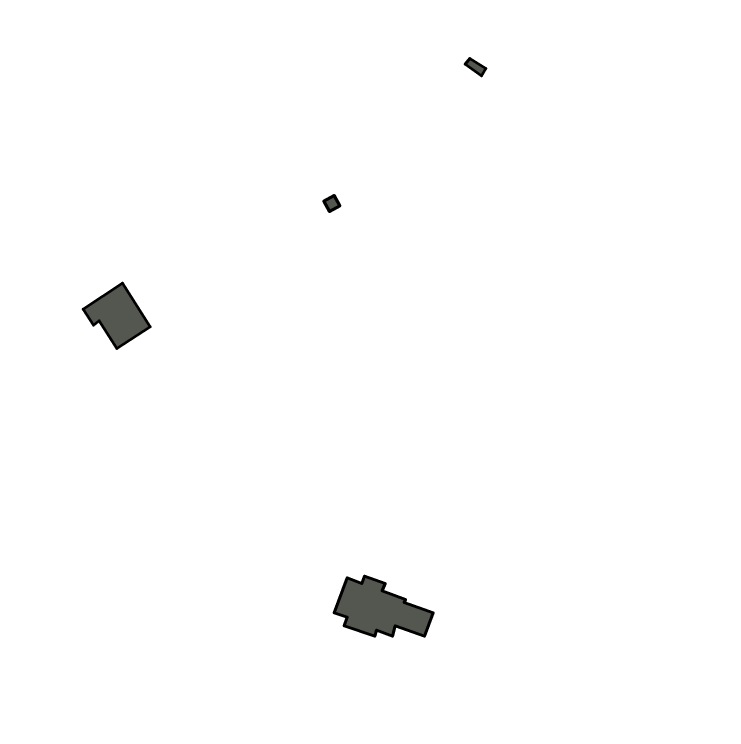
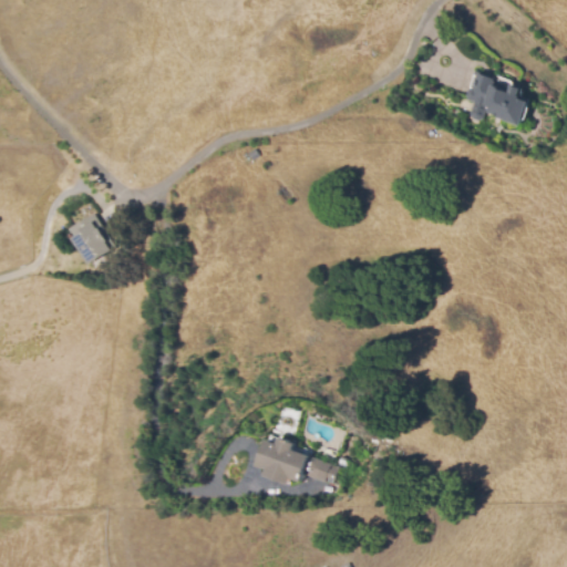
building: none -> [464,71,527,125]

